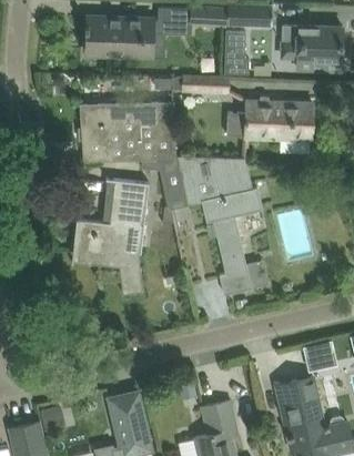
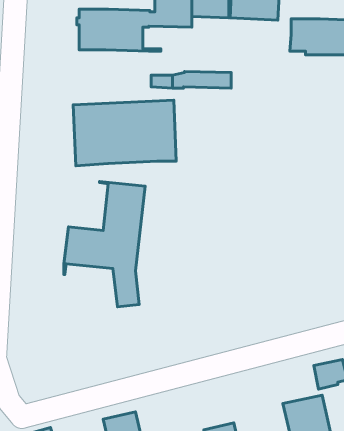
building: [225,31,250,73] -> none
building: [226,101,312,141] -> none
building: [159,159,262,294] -> none

